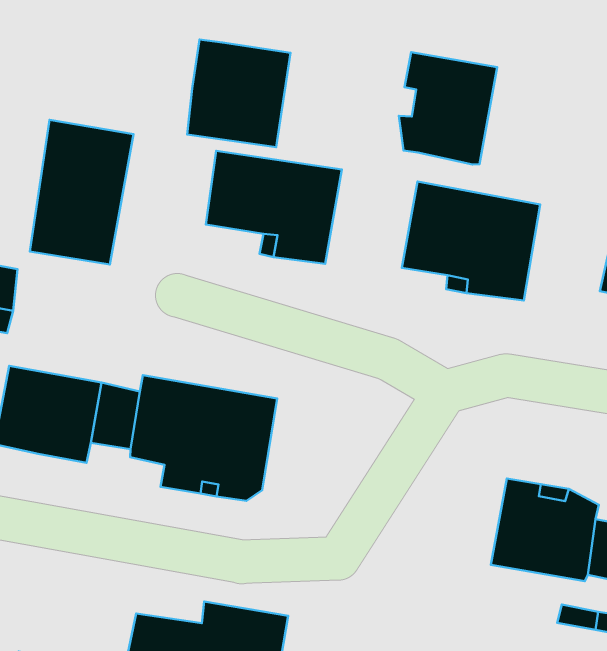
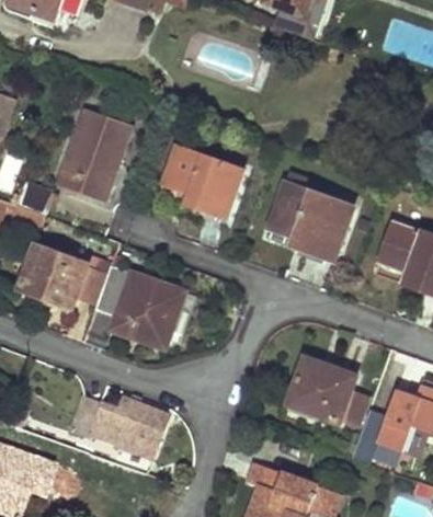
building: [187,39,291,147] -> none
building: [399,52,497,165] -> none

